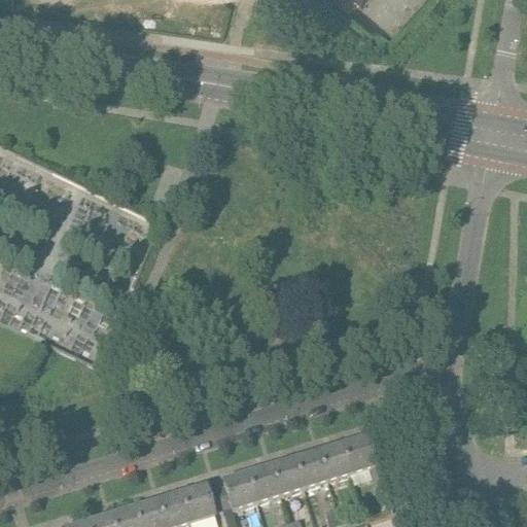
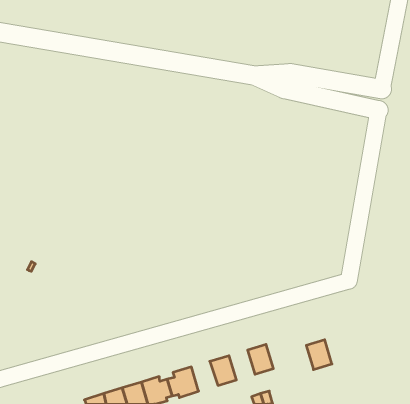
building: [341,433,374,471] -> [306,340,332,370]
building: [293,448,326,486] -> none
building: [245,462,279,500] -> none

